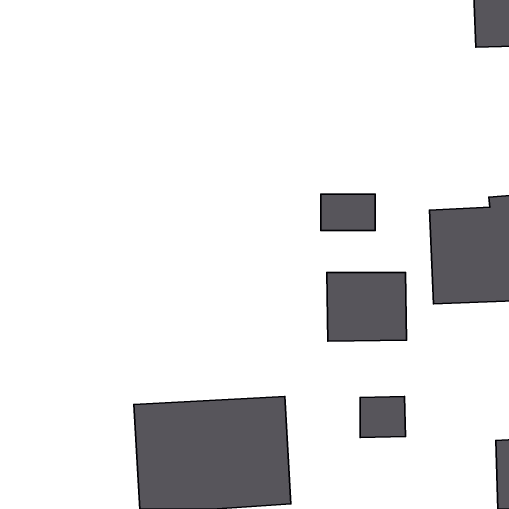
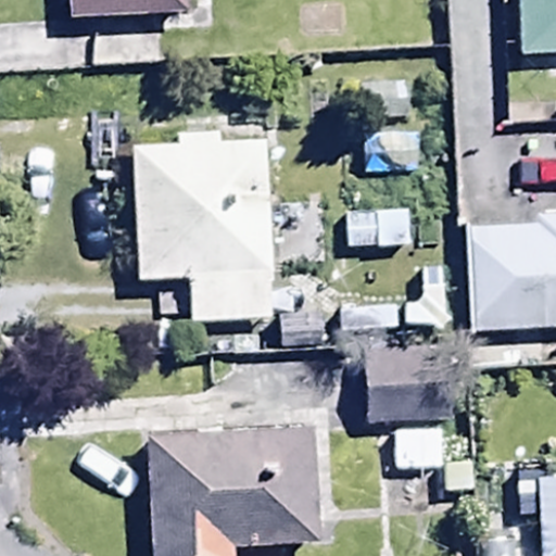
building: none -> [134,126,274,323]

